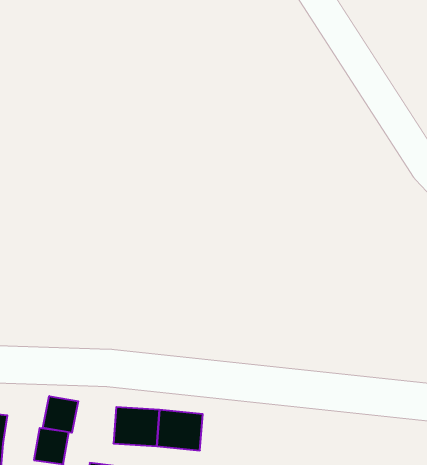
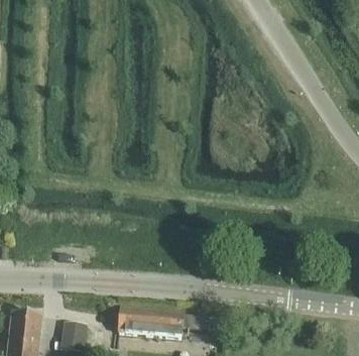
building: [43,396,78,433] -> none

